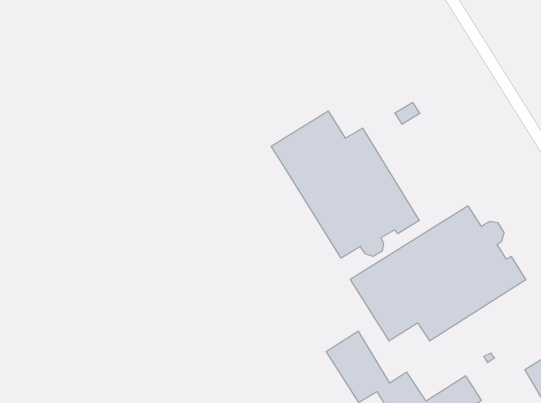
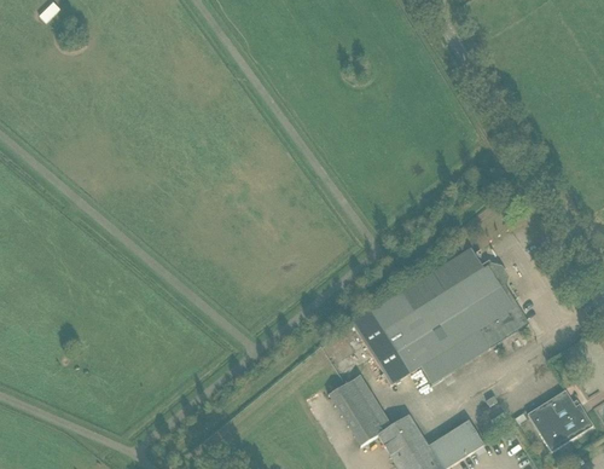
building: [271,111,419,258] -> none

